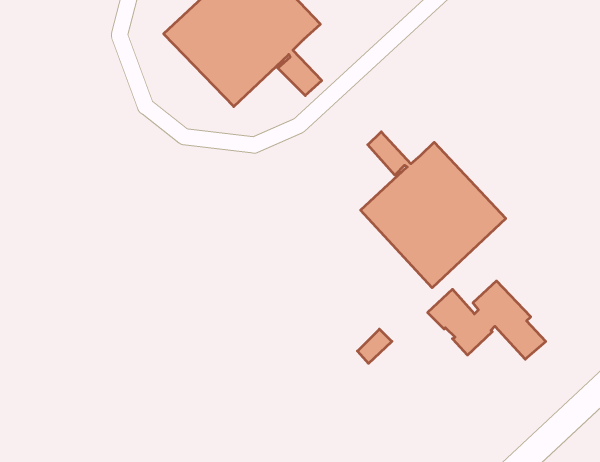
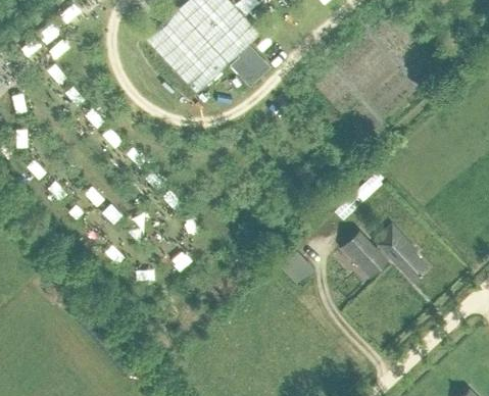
building: [361,132,506,288] -> none

